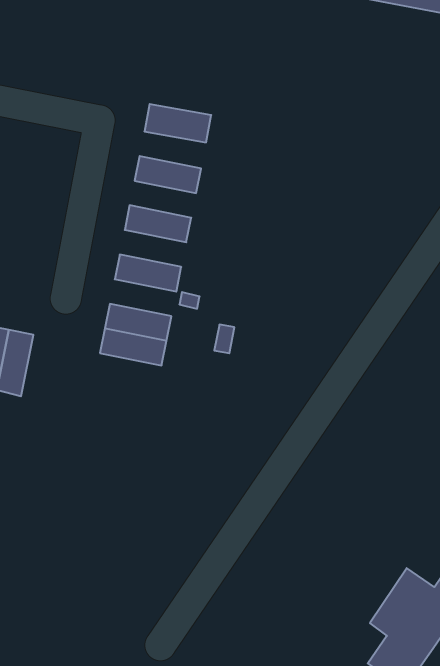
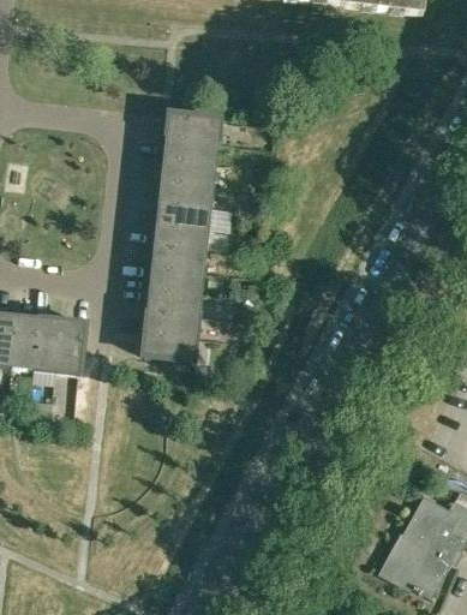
building: none -> [161,136,217,163]
building: none -> [156,179,212,207]
building: none -> [151,222,208,250]
building: none -> [146,265,203,293]
building: none -> [139,330,196,359]

